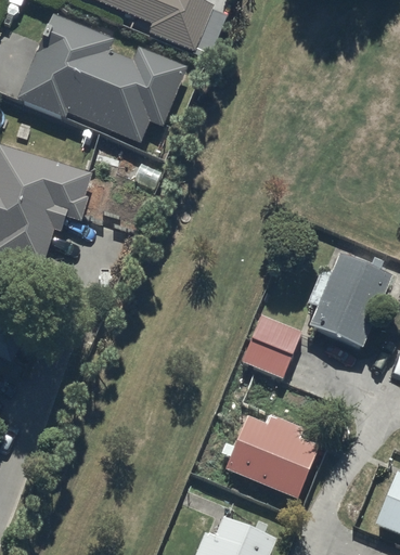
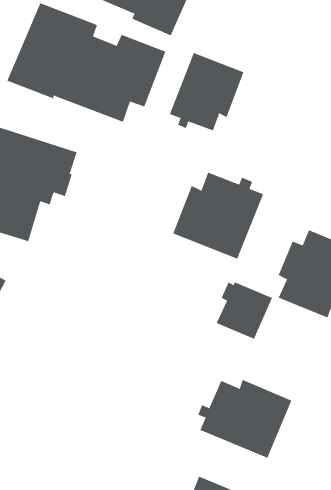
building: none -> [169,52,244,131]
building: none -> [173,172,264,260]

